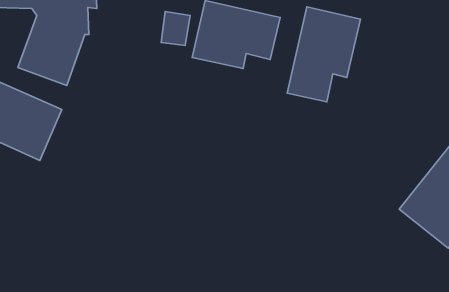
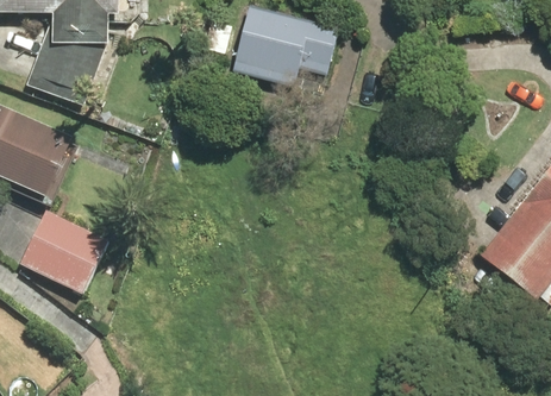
building: [287,7,361,102] -> none
building: none -> [19,209,108,294]

